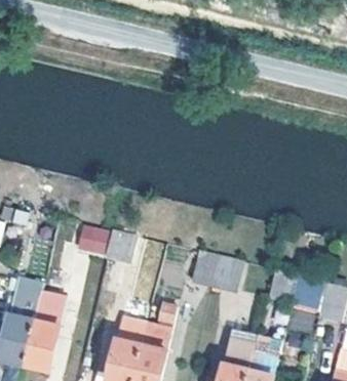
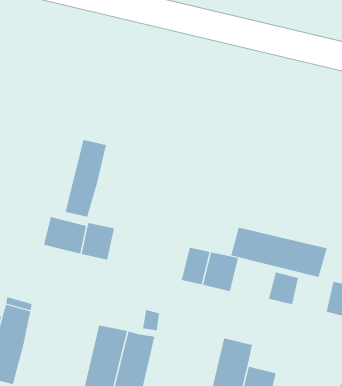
building: none -> [65,139,107,217]
building: none -> [231,227,328,278]

